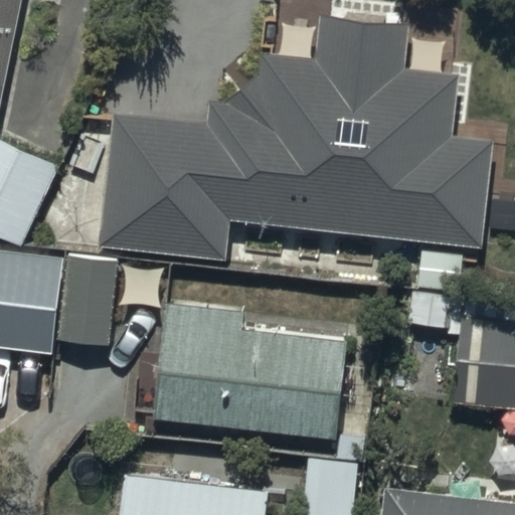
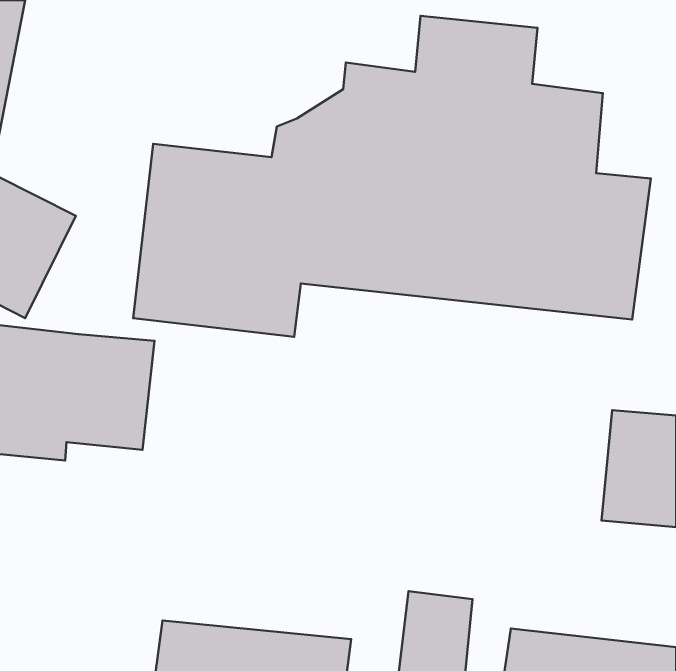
building: [155,299,346,433] -> none

